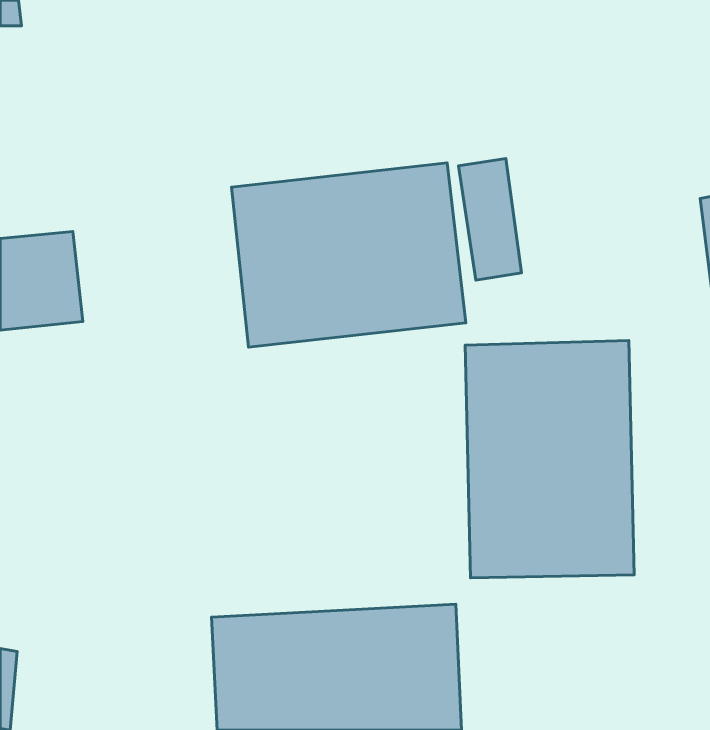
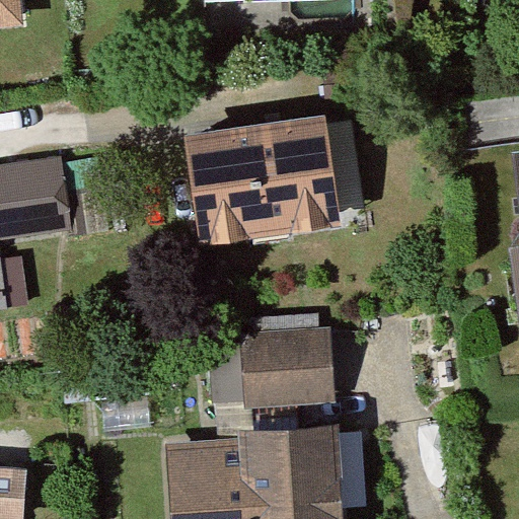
building: [465,341,634,578] -> none
building: none -> [244,337,333,401]

